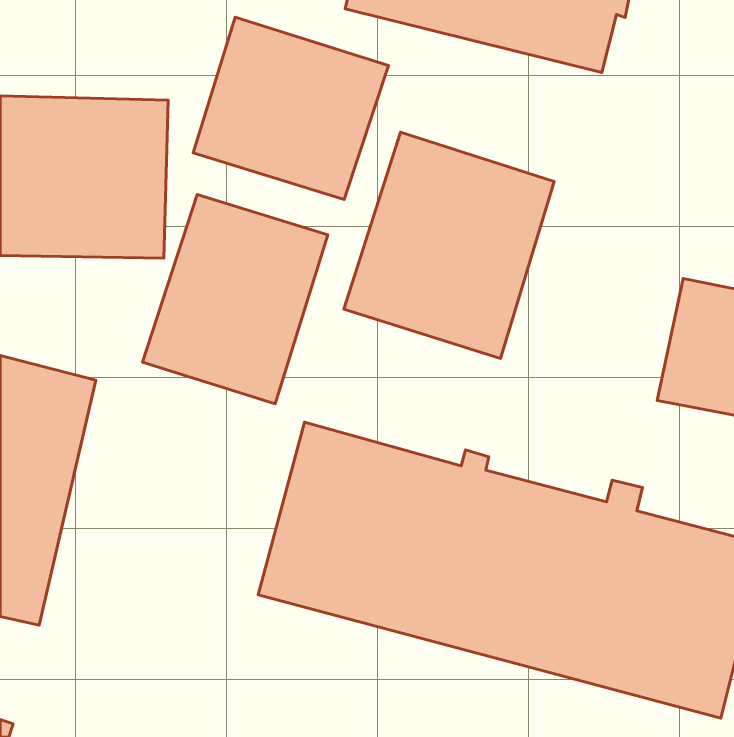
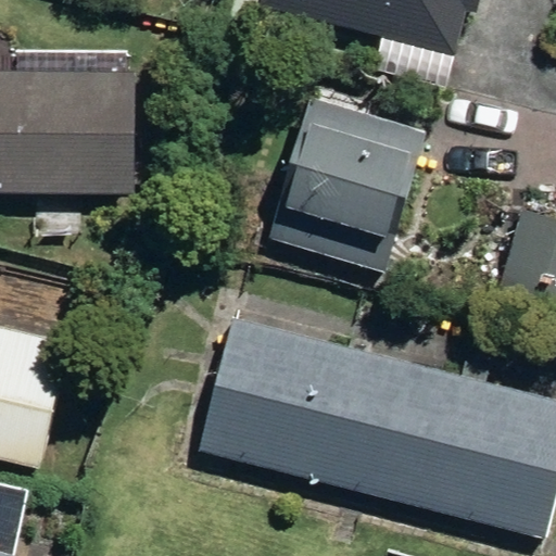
building: [193,17,388,200] -> none
building: [143,194,328,404] -> none

